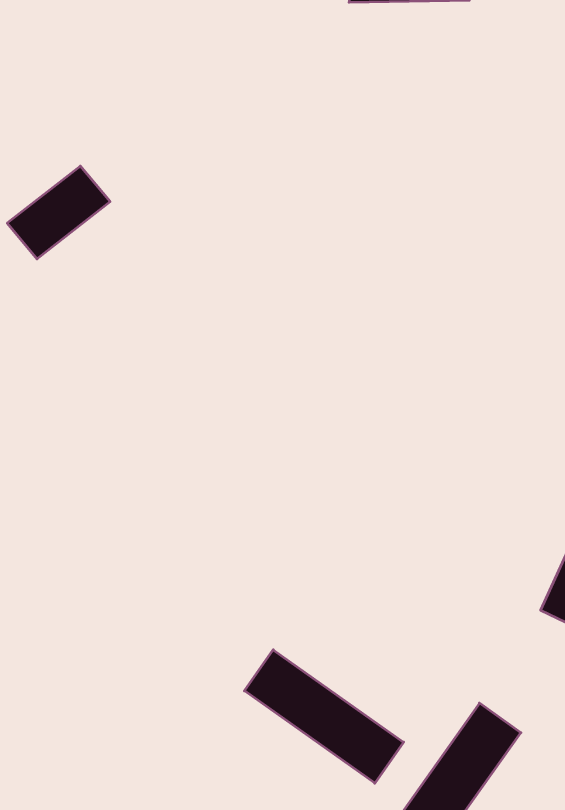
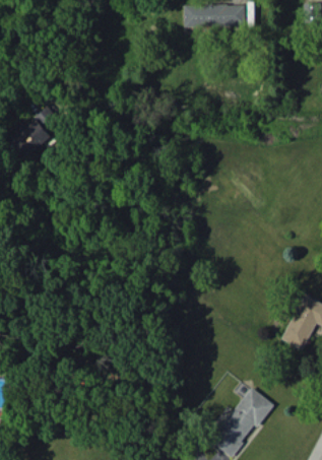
building: [244,650,404,783] -> none

